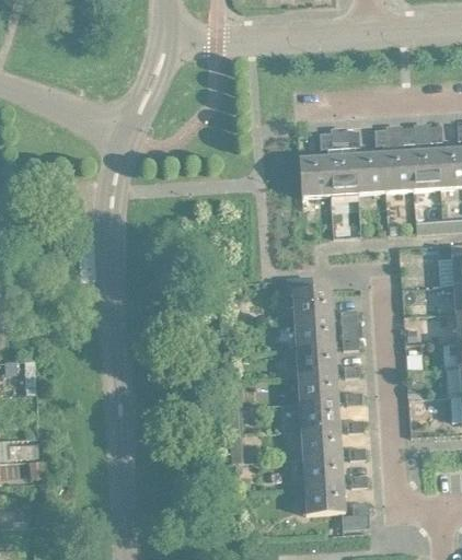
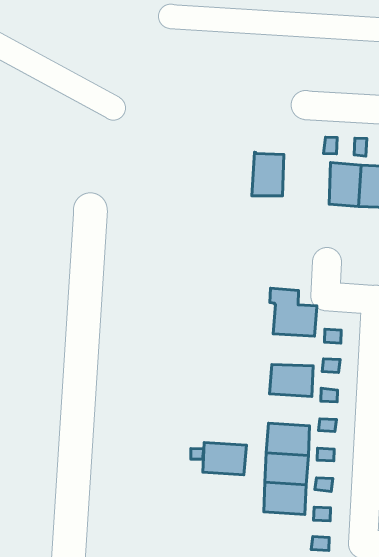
building: [300,155,331,197] -> [252,152,284,196]
building: [293,317,334,348] -> none
building: [297,373,337,402] -> [203,443,246,475]
building: [304,482,345,514] -> none

